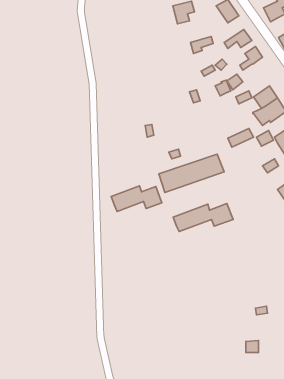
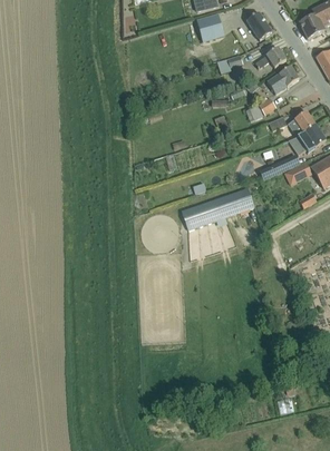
building: [111,186,162,212] -> none
building: [173,204,233,232] -> none

